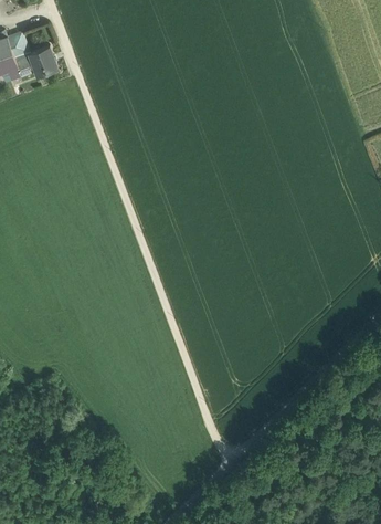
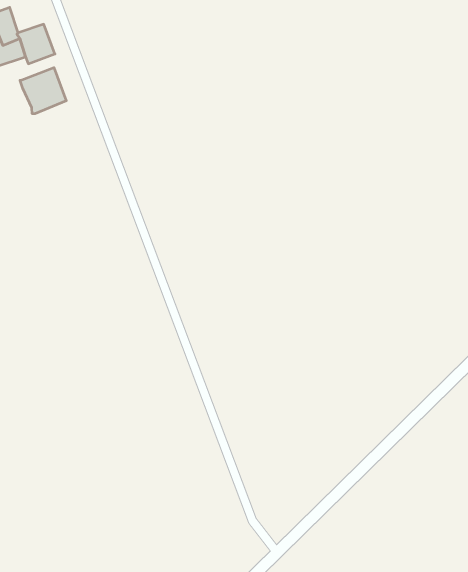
building: none -> [20,68,66,114]

